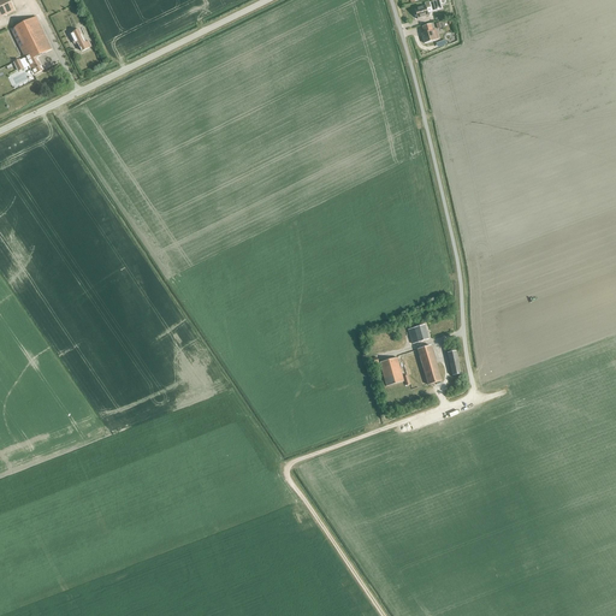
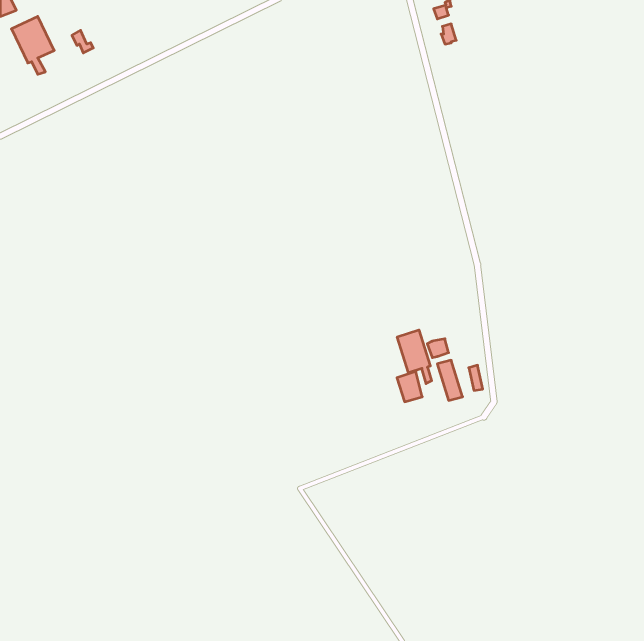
building: none -> [397,330,432,384]

